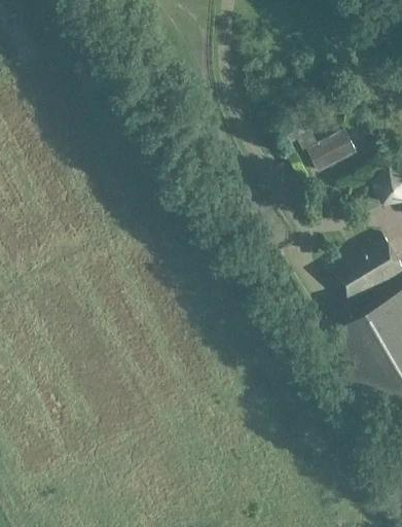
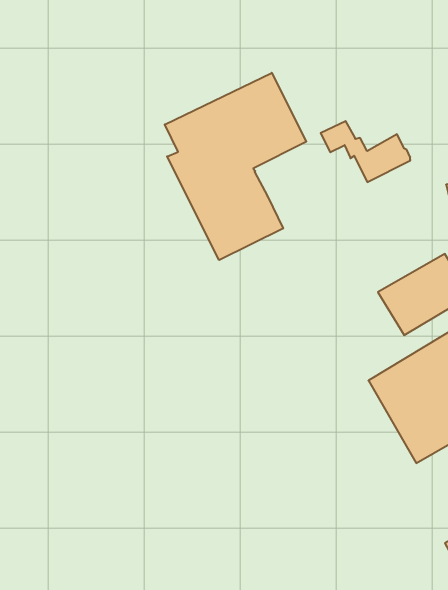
building: none -> [165,73,306,260]

